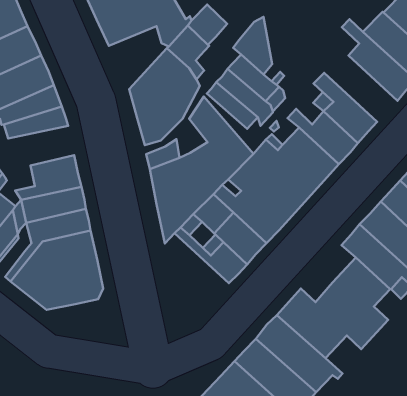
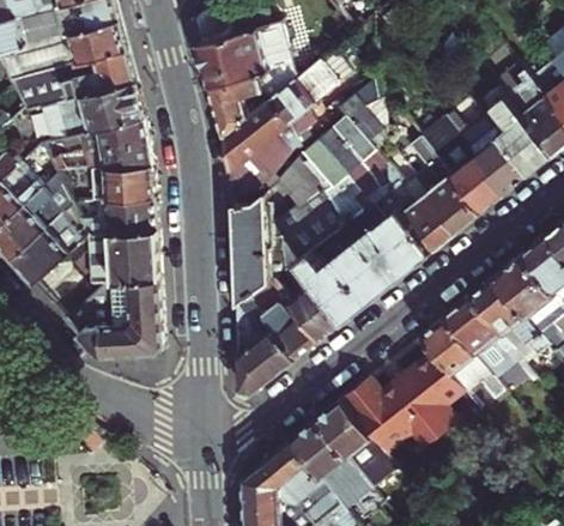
building: none -> [207,73,271,135]
building: none -> [399,102,504,212]
building: none -> [85,164,152,200]
building: none -> [234,296,295,395]

